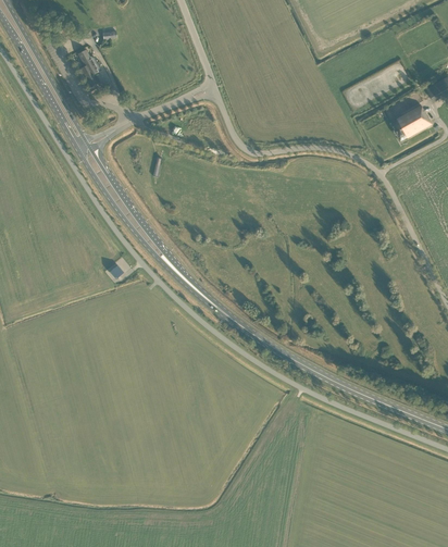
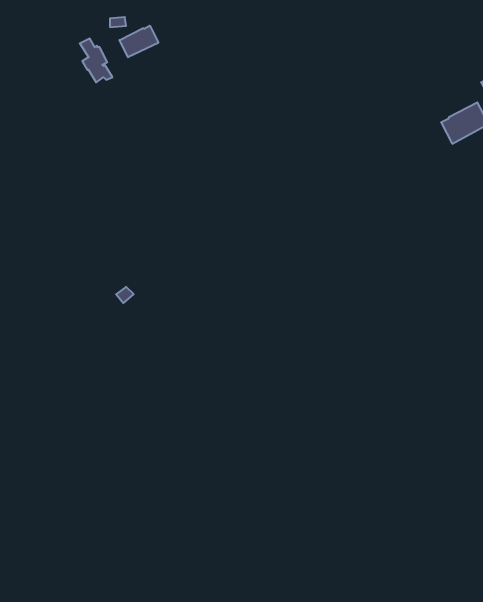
building: none -> [119,26,158,57]

